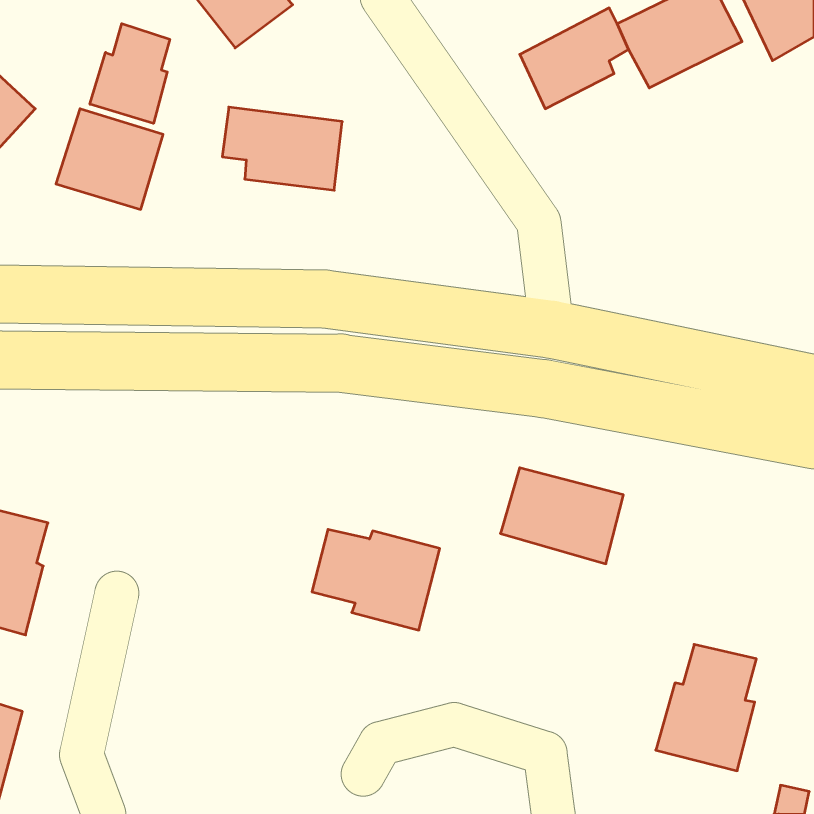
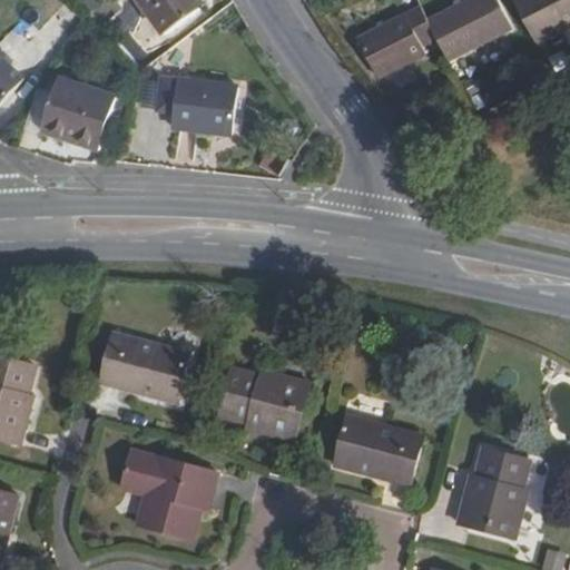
building: [90,24,170,123] -> none
building: [500,468,623,564] -> [334,417,420,484]
building: none -> [98,332,186,399]
building: none -> [120,449,215,538]

